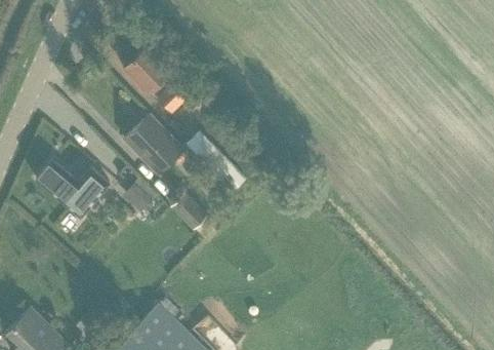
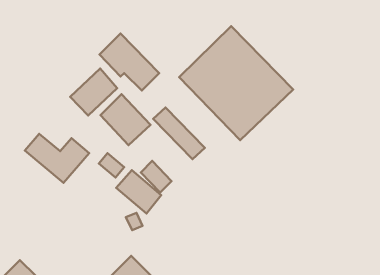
building: none -> [179,26,293,140]
building: none -> [70,69,117,116]
building: none -> [116,170,161,213]

